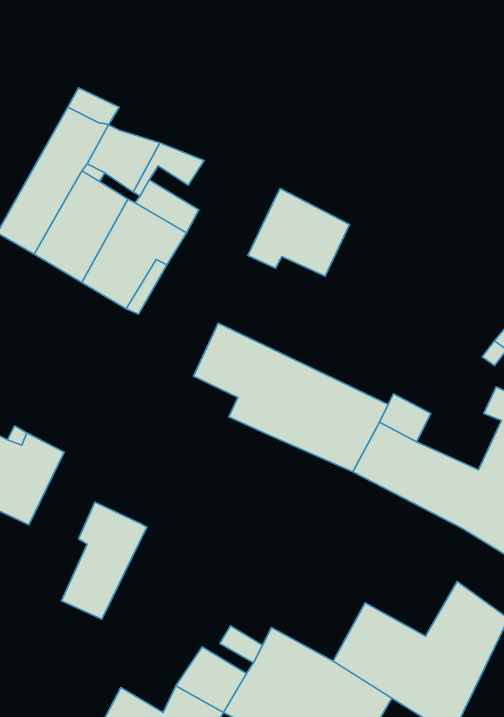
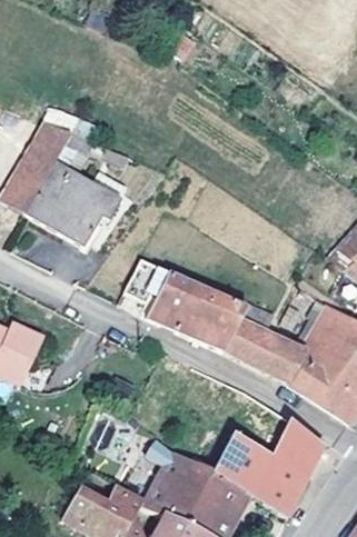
building: [248,189,349,276] -> none
building: [62,502,147,619] -> none

